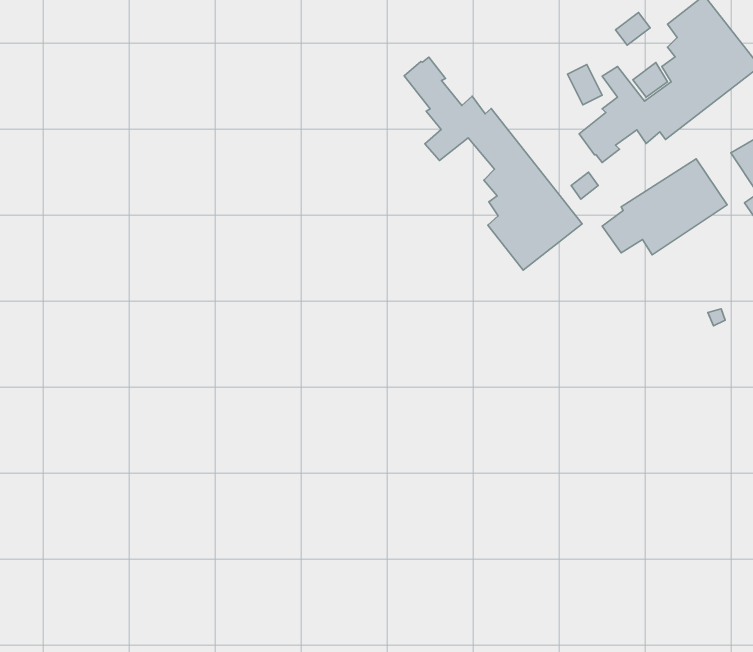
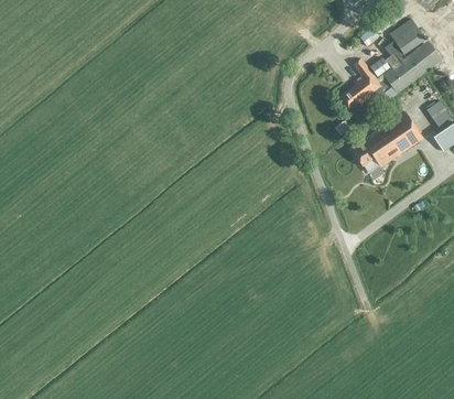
building: [404,57,582,270] -> none

